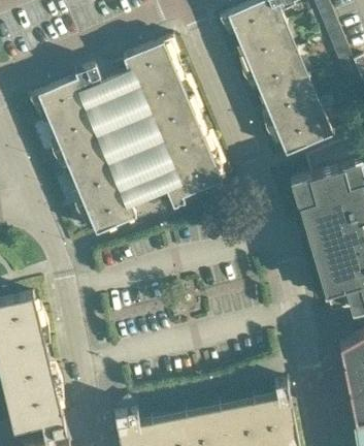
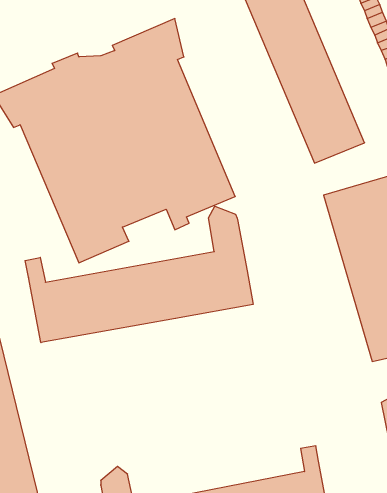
building: none -> [25,206,253,343]

